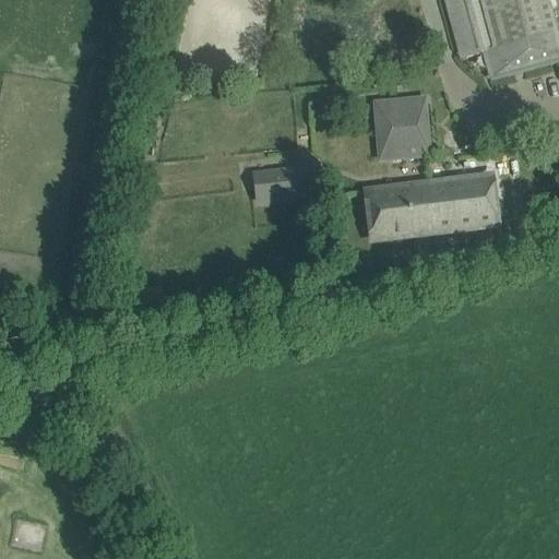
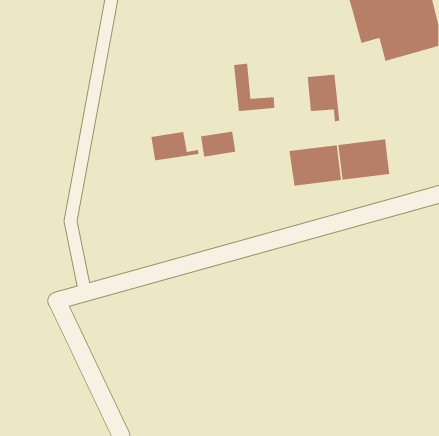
building: [371,97,425,159] -> [233,63,275,112]
building: none -> [150,131,199,161]

